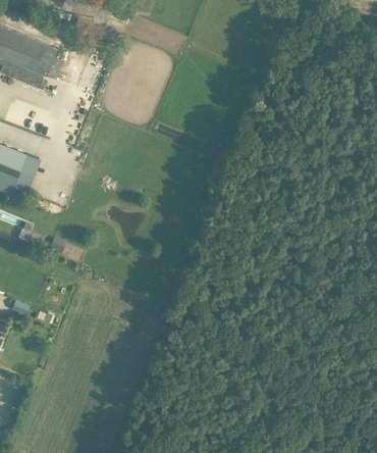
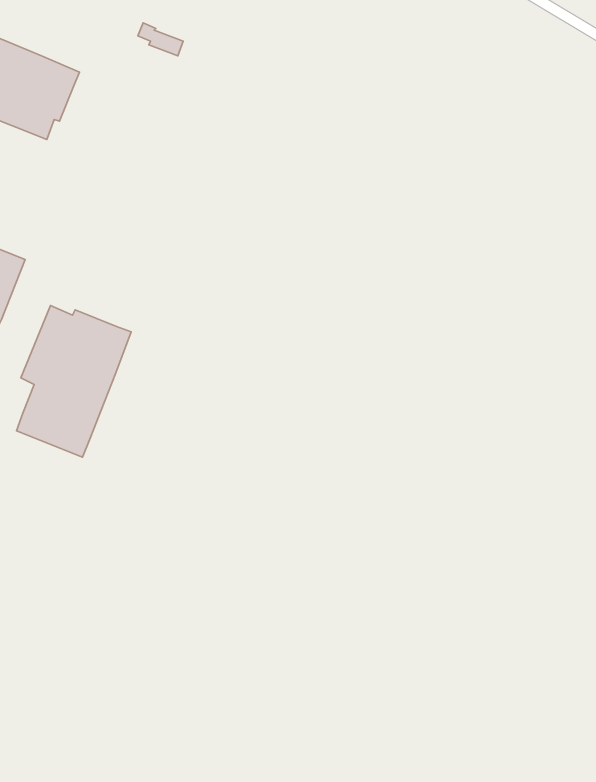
building: none -> [16,306,131,457]

